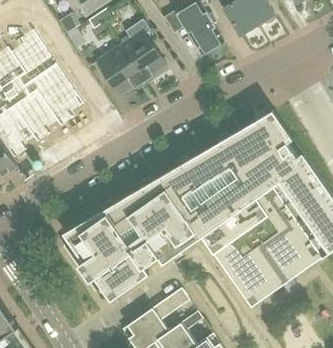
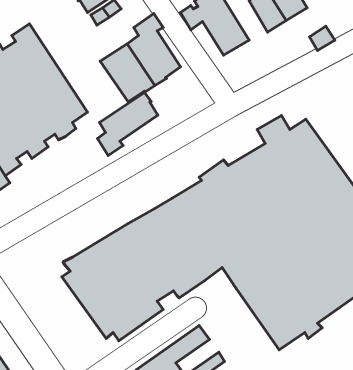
building: none -> [98,92,158,156]

